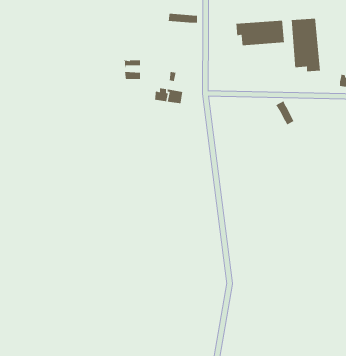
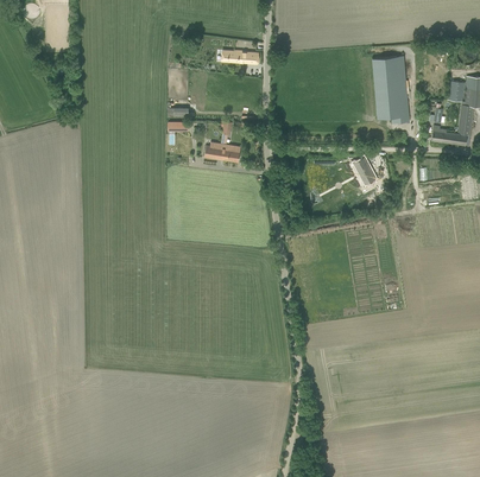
building: [235,20,285,46] -> none

